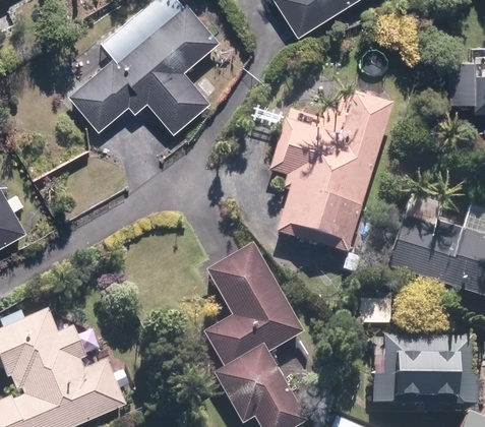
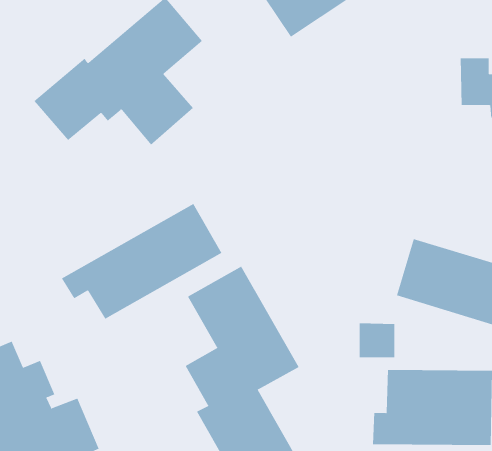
building: [269,92,392,252] -> none
building: none -> [61,203,222,320]

